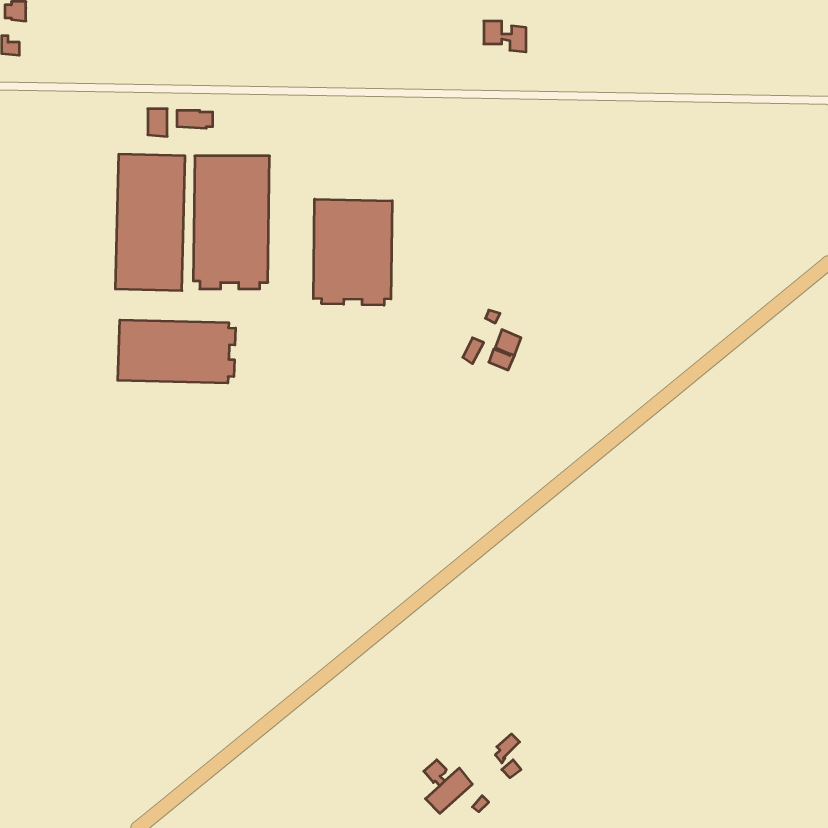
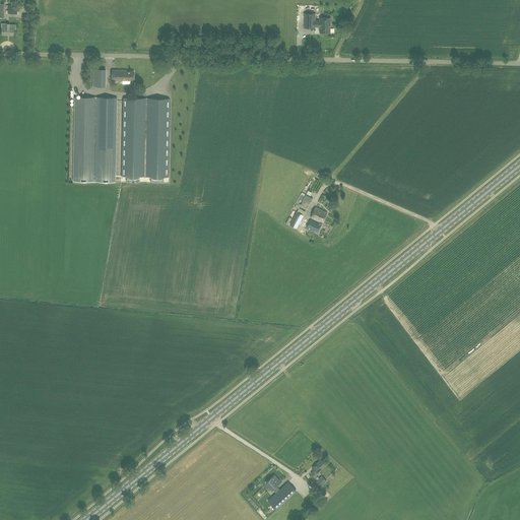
building: [313,199,392,305] -> none
building: [118,320,236,383] -> none

